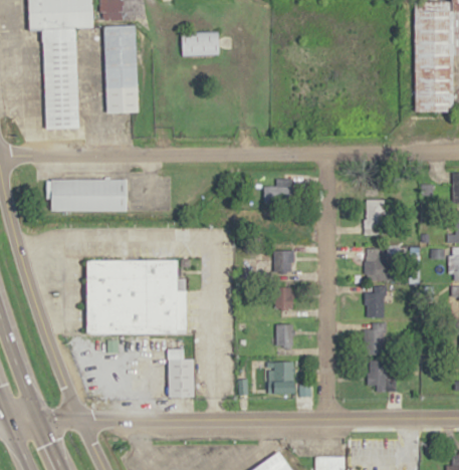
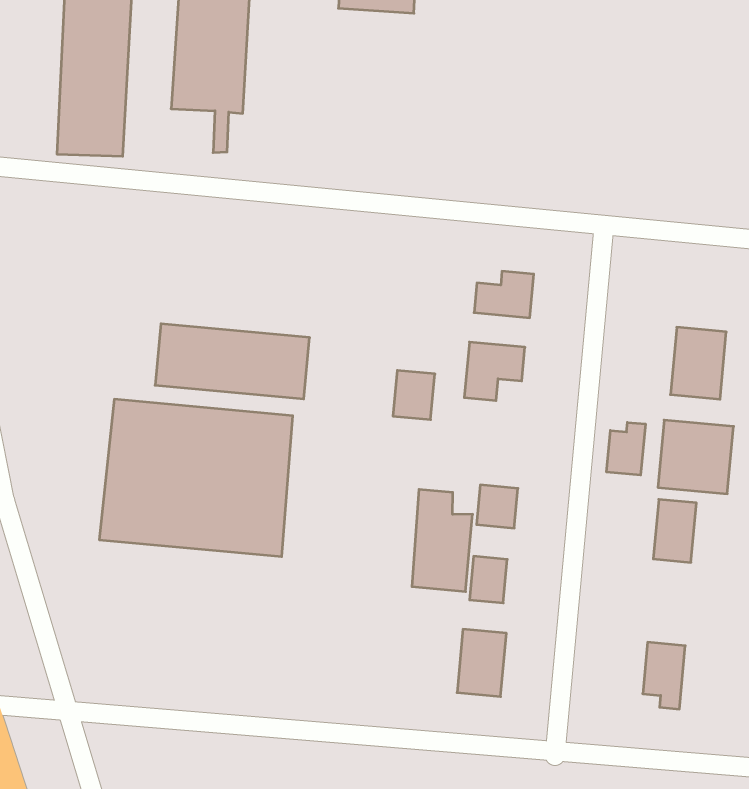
building: [51,180,127,211] -> [155,324,310,399]
building: none -> [607,422,645,475]
building: [273,251,292,274] -> [393,370,435,420]
building: [364,324,385,358] -> none
building: [167,348,195,398] -> [412,489,473,592]

